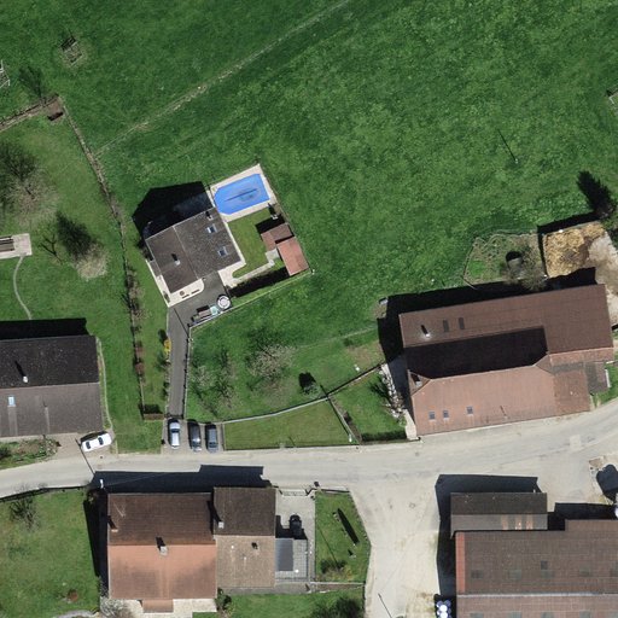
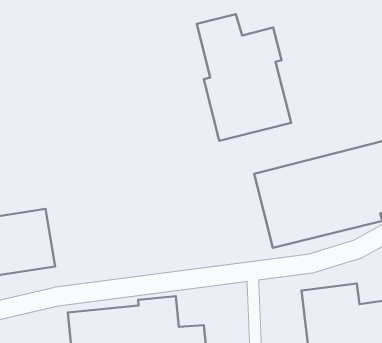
building: none -> [197,14,291,141]
building: [148,210,233,290] -> none

